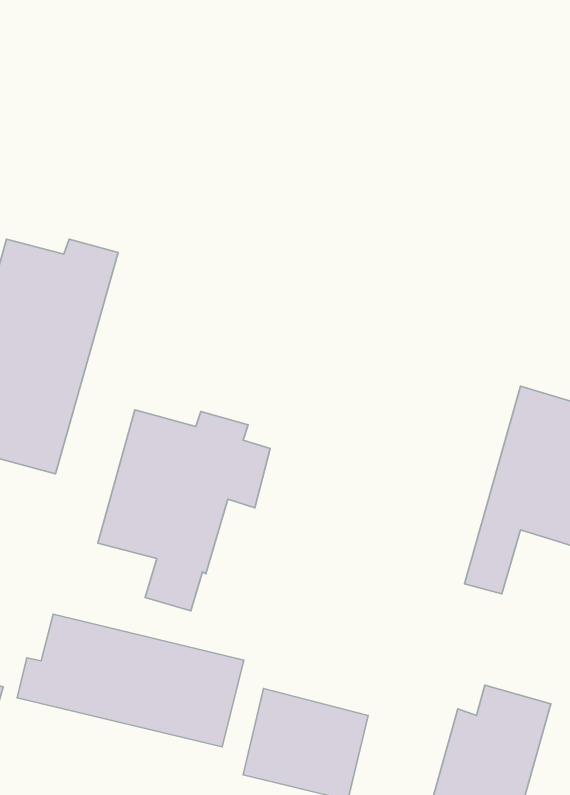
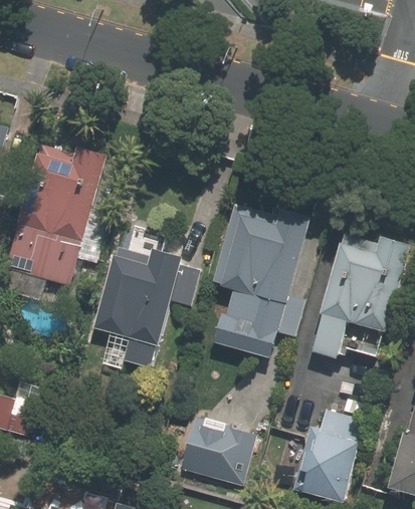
building: none -> [206,207,308,354]
building: [17,614,244,747] -> none

